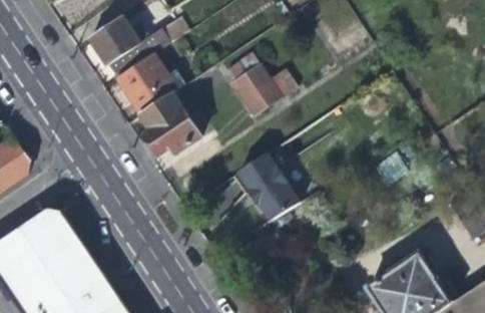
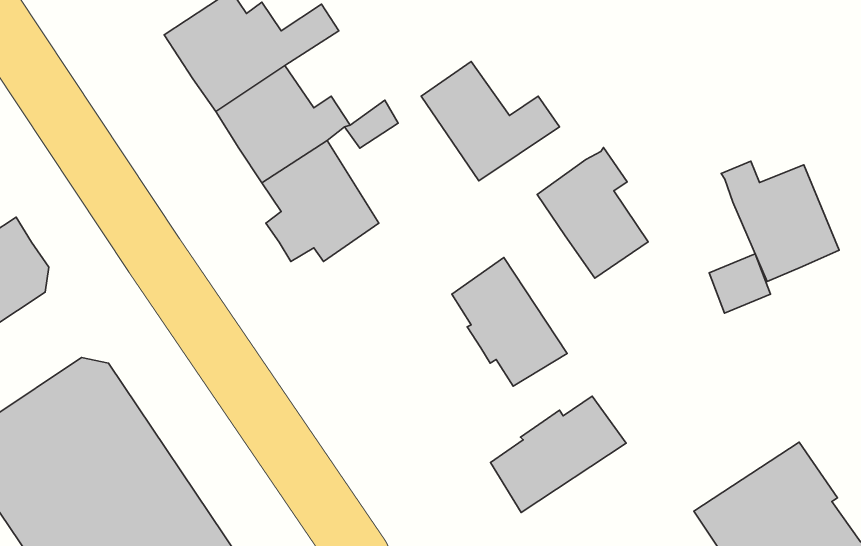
building: none -> [537,147,648,278]
building: none -> [721,161,839,281]
building: none -> [491,396,626,512]

